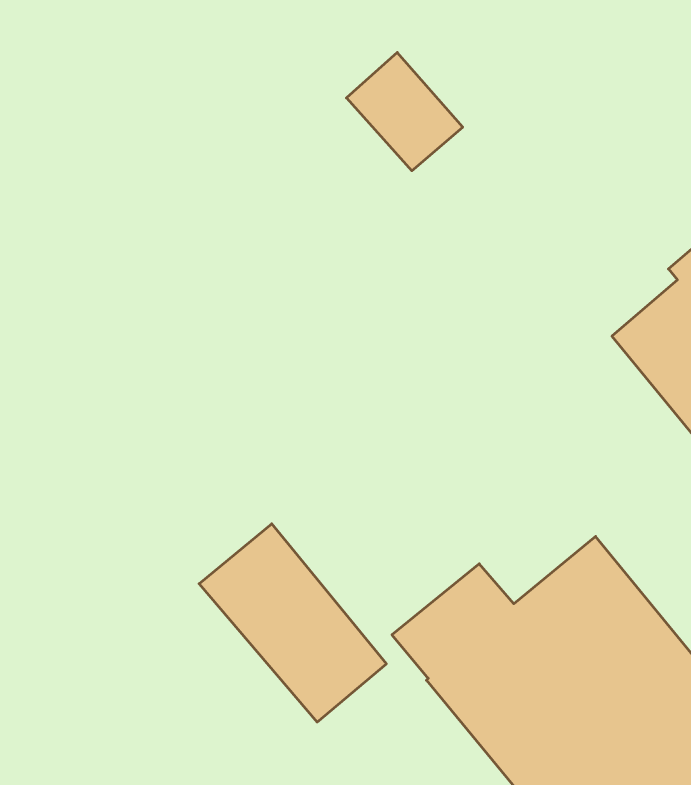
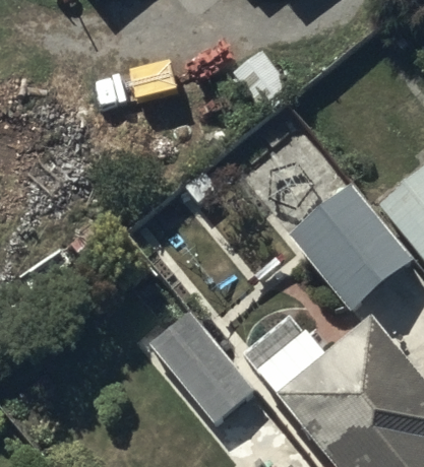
building: none -> [290,184,413,311]

